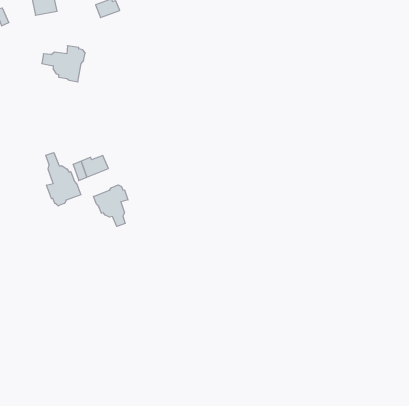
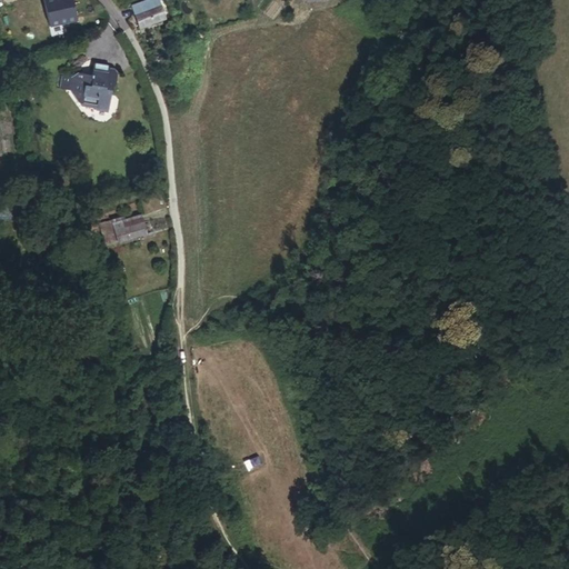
building: [46,153,81,206] -> none
building: [94,185,128,226] -> none

